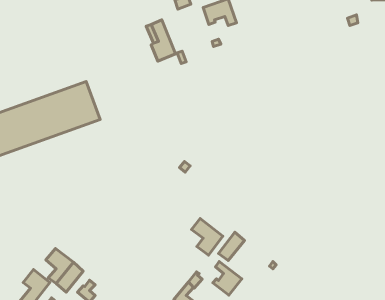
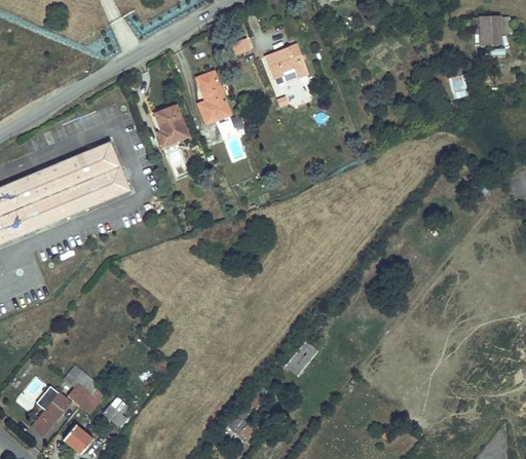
building: none -> [154,105,187,146]
building: [191,219,223,255] -> none
building: [213,261,242,295] -> none

